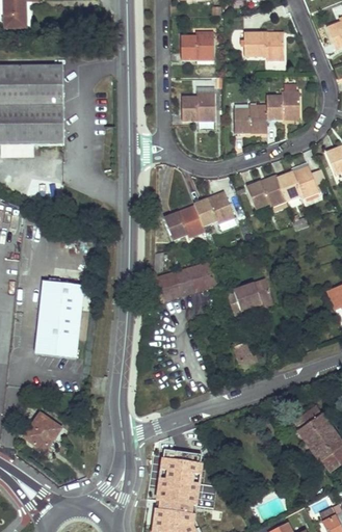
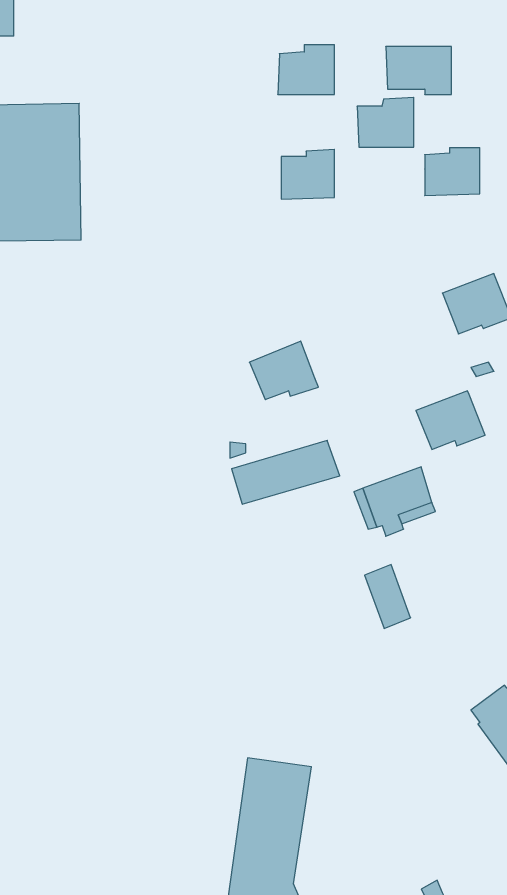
building: [234,103,267,132] -> [357,97,414,147]
building: [246,174,287,208] -> [416,391,485,449]
building: [193,190,235,225] -> none
building: [37,284,85,361] -> none
building: [24,411,60,450] -> none

